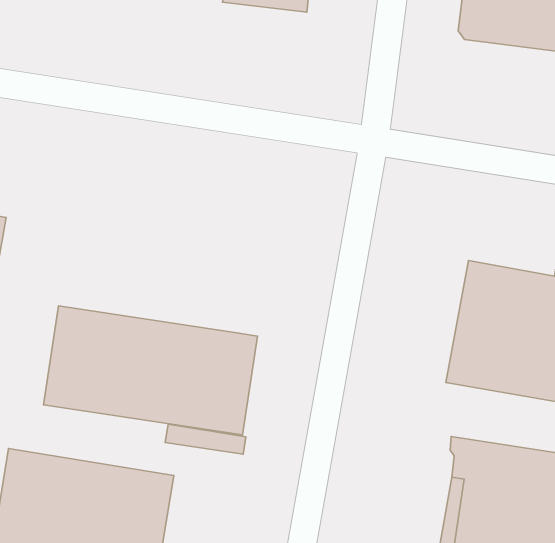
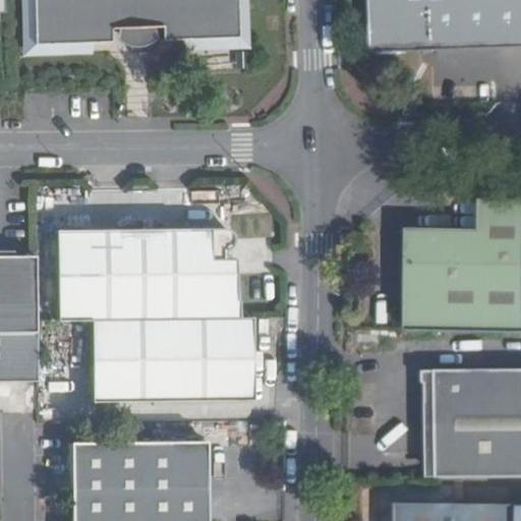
building: none -> [54,228,238,319]

